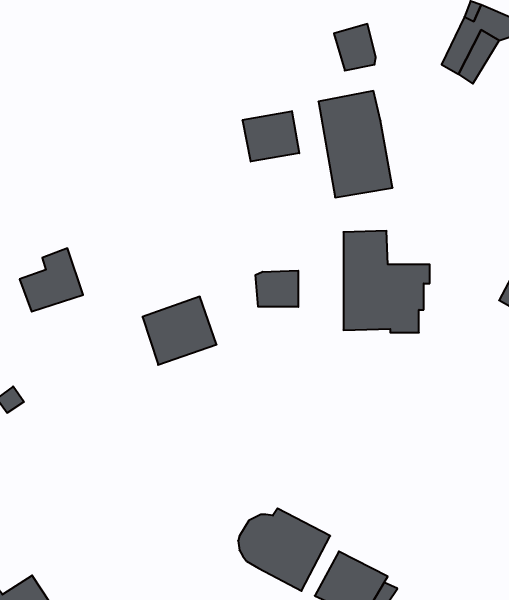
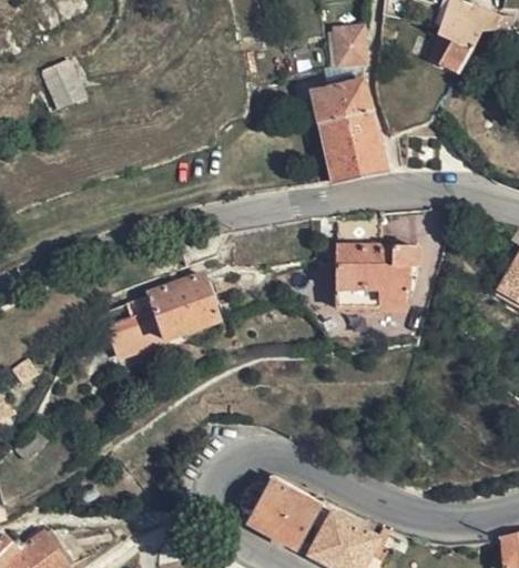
building: none -> [42,60,84,109]
building: [243,111,299,162] -> none
building: [20,248,83,312] -> [106,296,165,355]
building: [255,271,298,307] -> none

